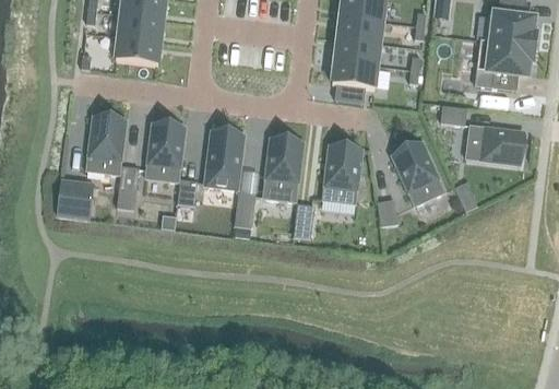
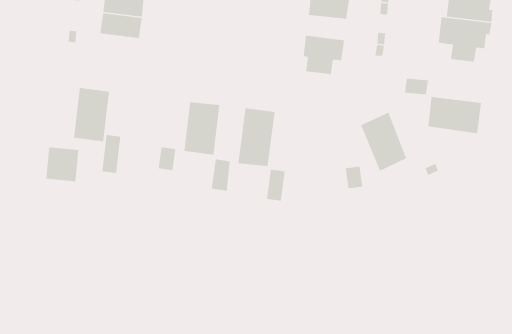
building: [334,39,379,66] -> none
building: [145,123,185,181] -> none
building: [319,145,359,203] -> none

